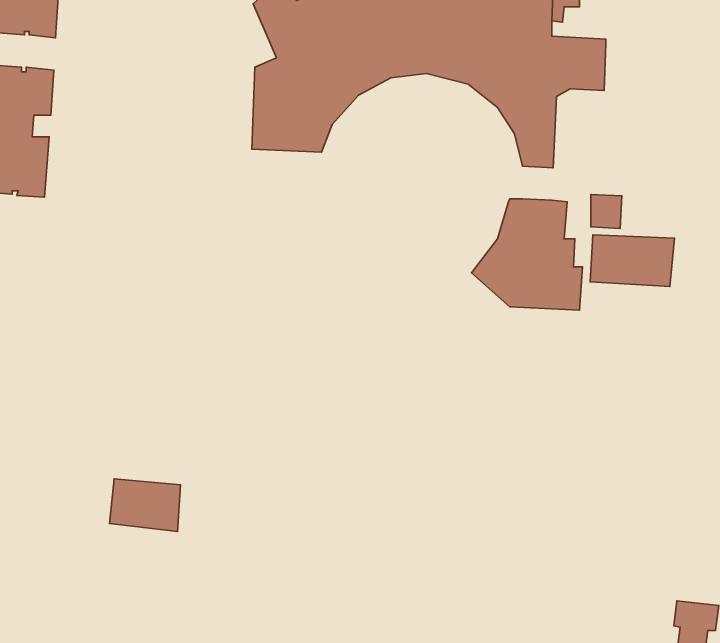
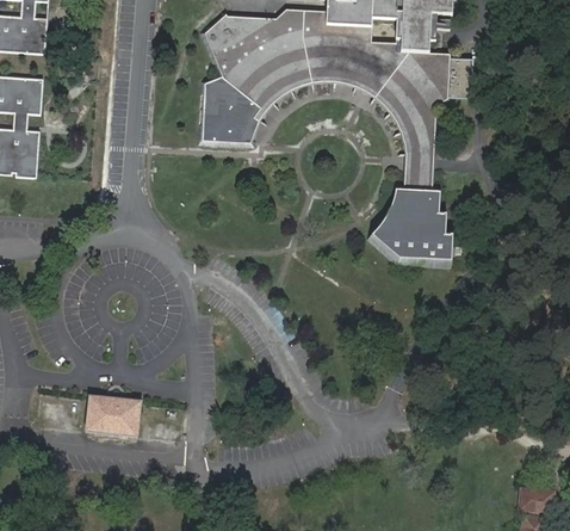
building: [591,194,622,228] -> [405,153,429,179]
building: [590,235,675,287] -> none

